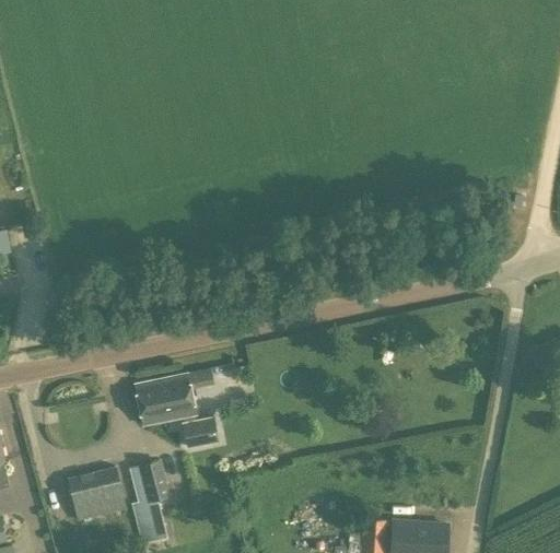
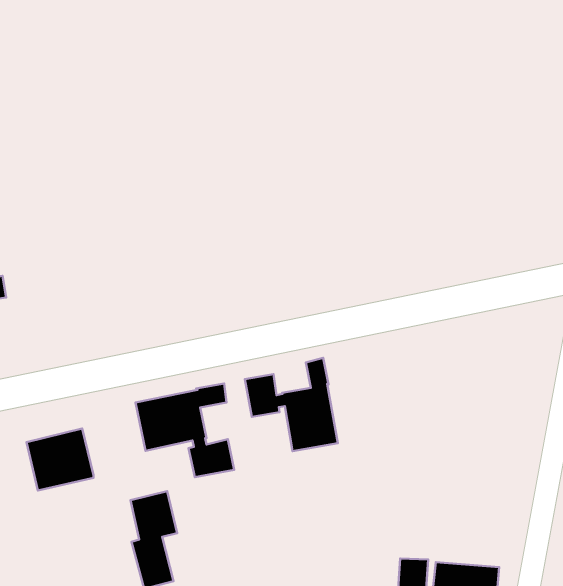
building: none -> [245,358,338,451]
building: [68,467,126,520] -> [26,428,94,490]

